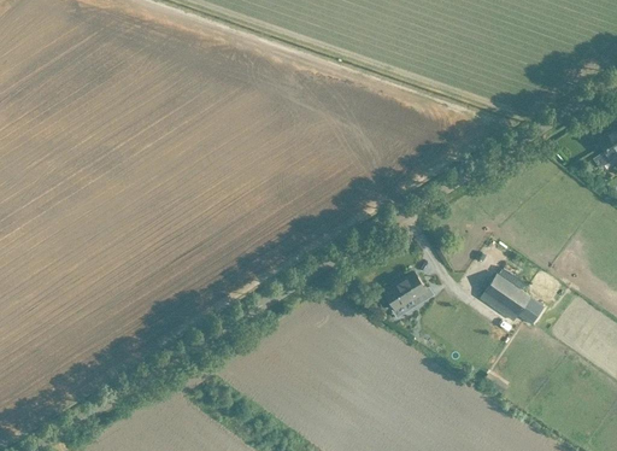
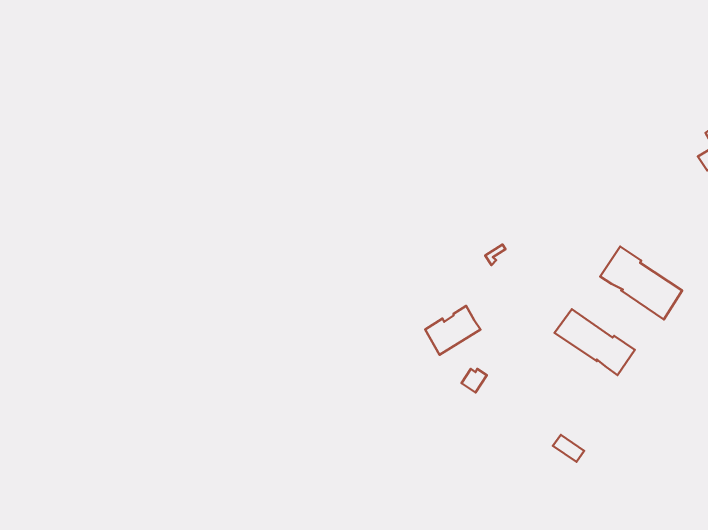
building: none -> [600,247,682,320]

